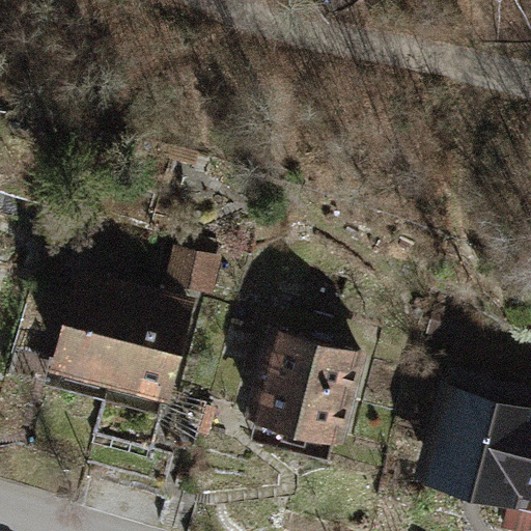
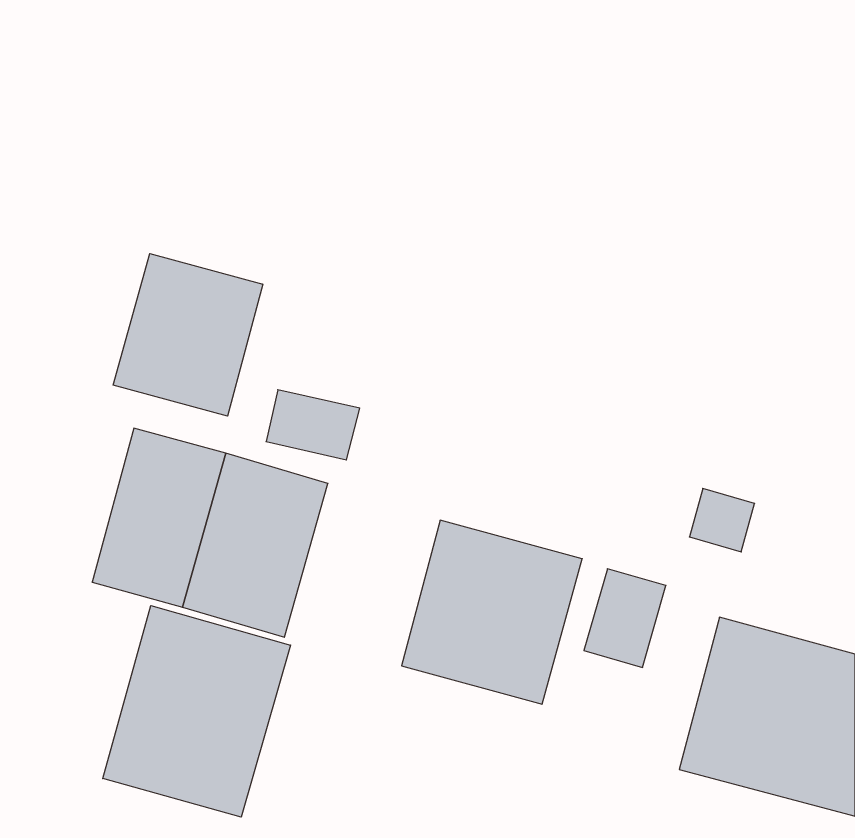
building: none -> [113,254,263,416]
building: none -> [103,606,291,817]

